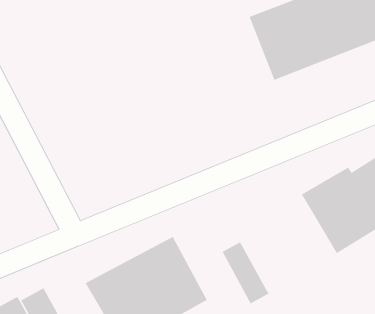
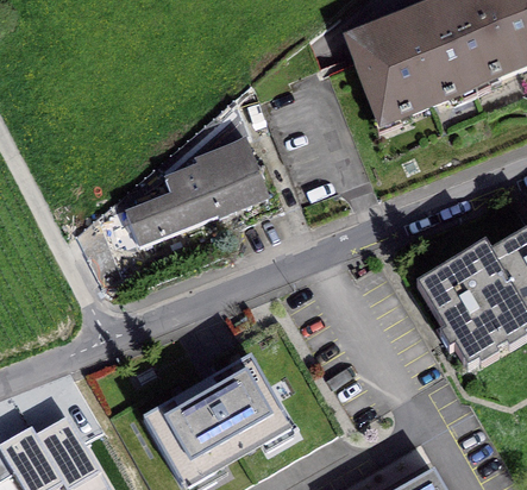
building: none -> [125,134,270,246]
building: [222,241,270,305] -> none

